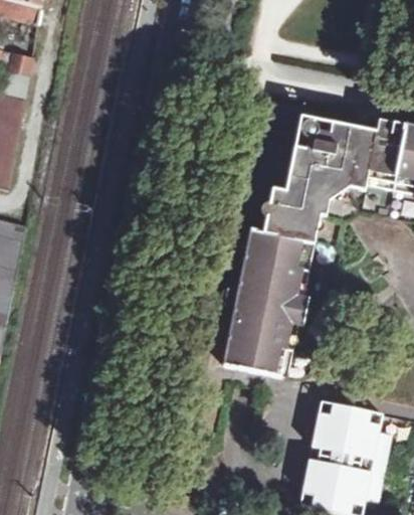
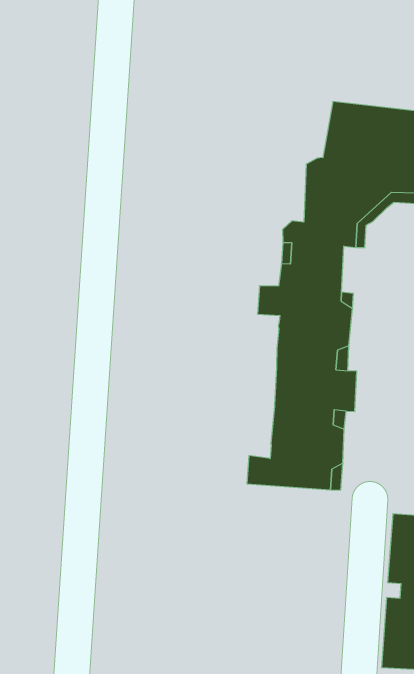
building: [228,250,262,350] -> none

